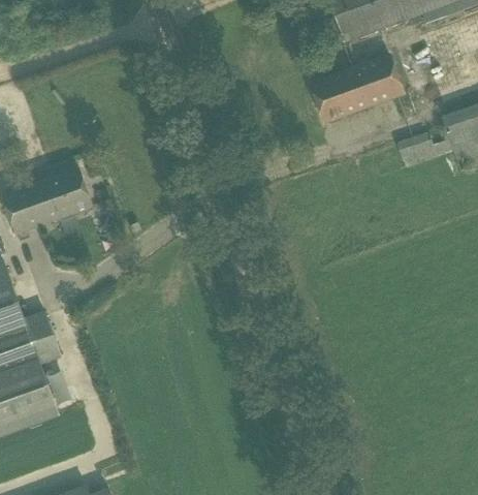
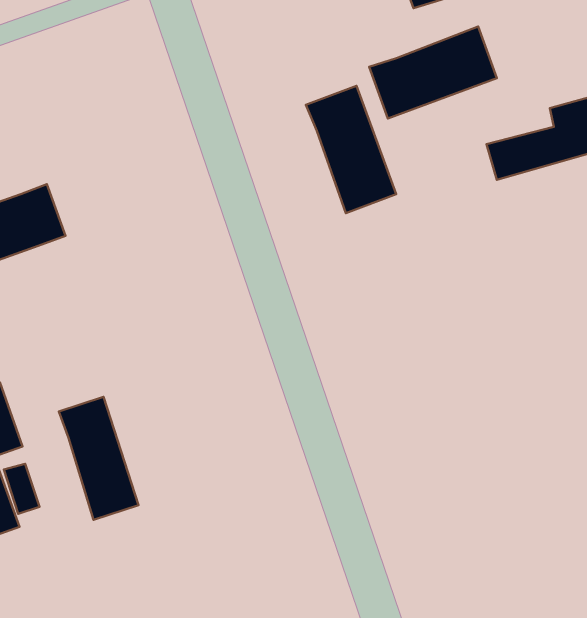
building: none -> [306,86,396,213]
building: none -> [59,397,138,520]

